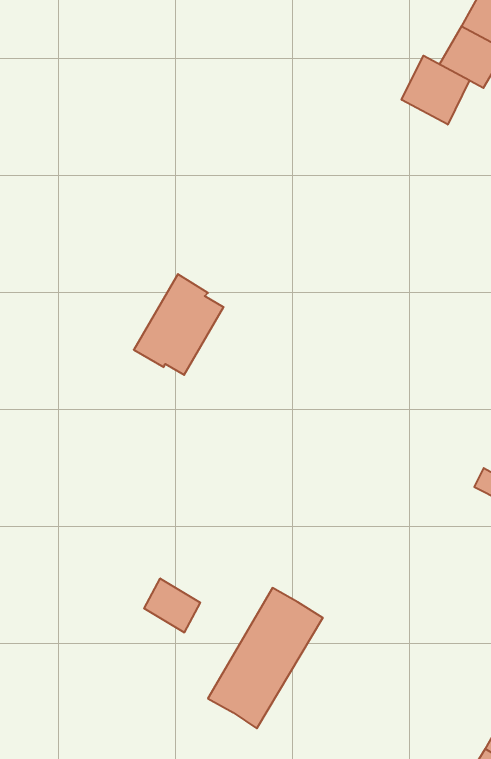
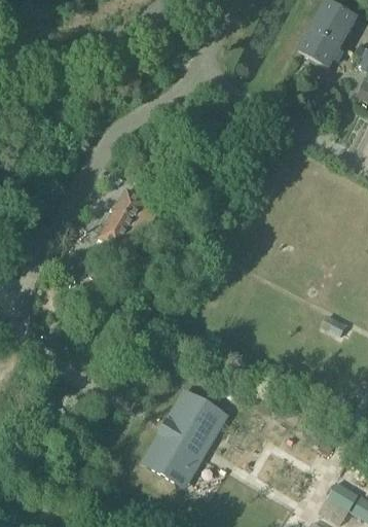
building: [402,56,470,125] -> none
building: [144,578,200,633] -> none

